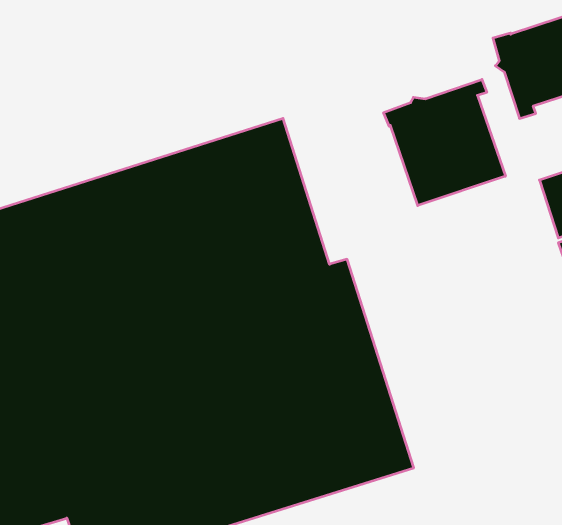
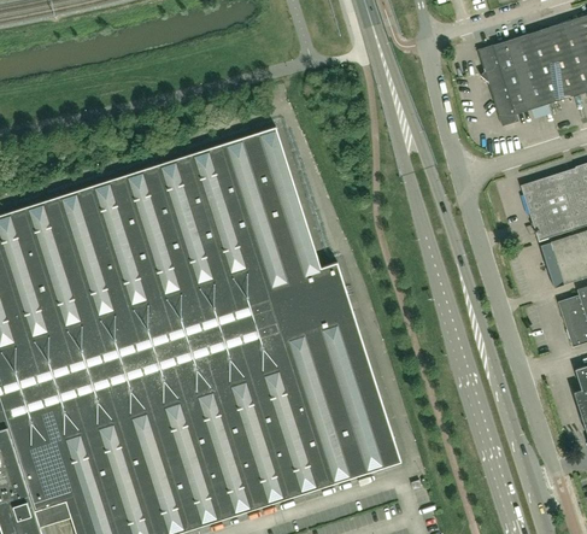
building: [384,79,505,206] -> none

